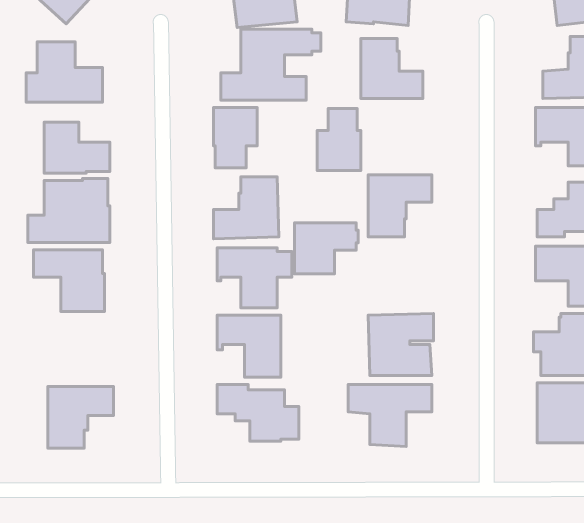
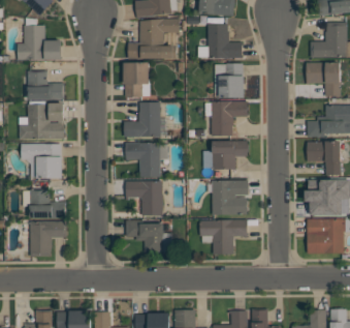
building: [317,109,361,171] -> [220,63,245,98]
building: [294,223,358,274] -> [213,141,249,170]
building: none -> [30,189,67,219]

